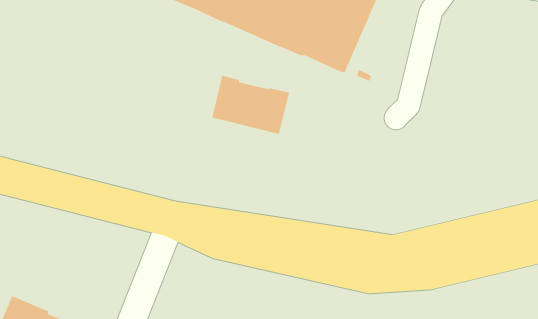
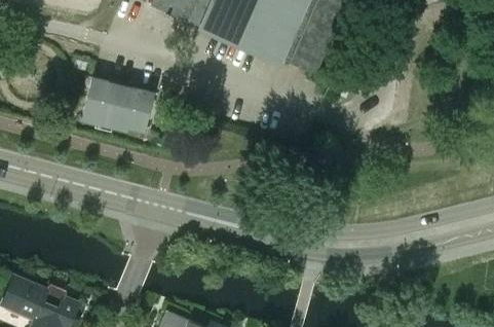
building: [211,75,290,134] -> [79,79,150,133]

